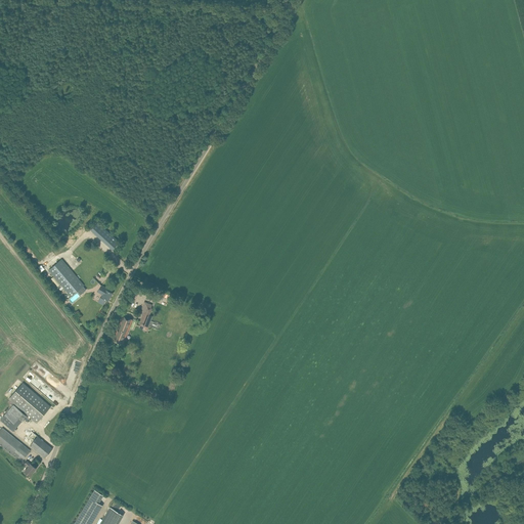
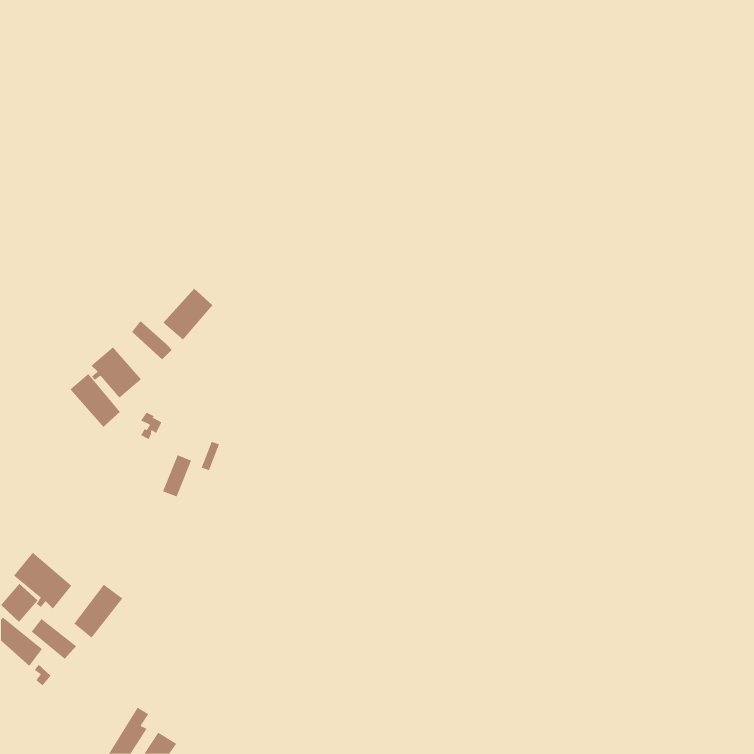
building: none -> [163,288,213,340]
building: none -> [90,347,142,398]
building: none -> [73,584,123,639]

